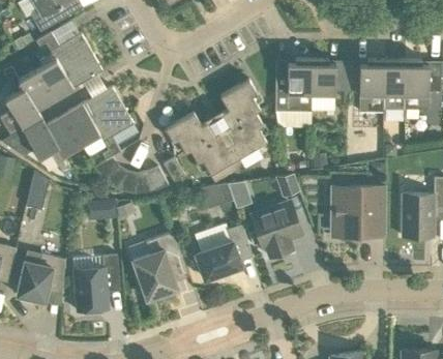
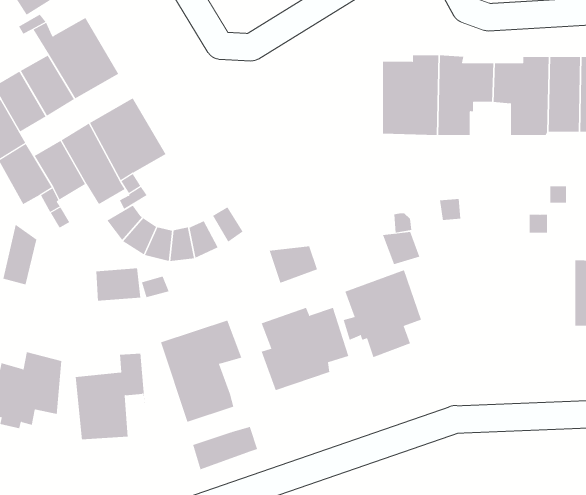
building: [165,80,271,174] -> none
building: [331,185,385,240] -> none
building: none -> [193,426,258,470]

